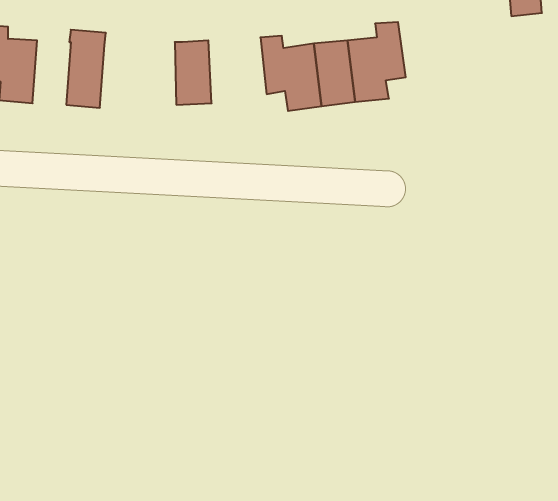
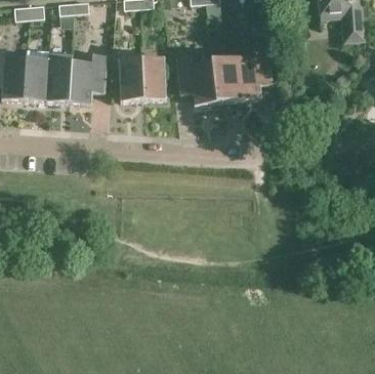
building: none -> [68,54,107,105]
building: none -> [140,57,165,100]
building: none -> [23,58,48,101]

